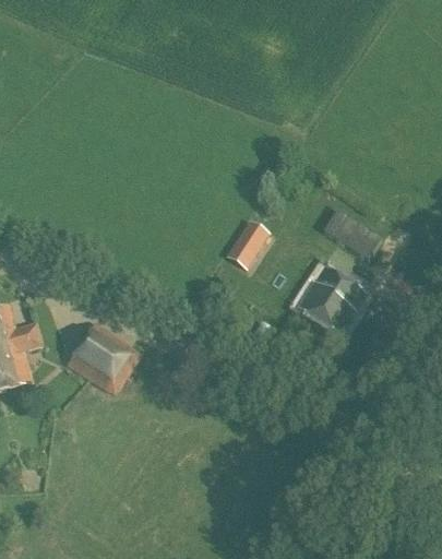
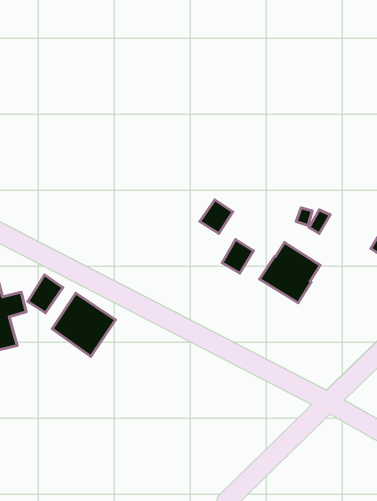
building: none -> [222,240,254,273]
building: none -> [28,275,63,313]

